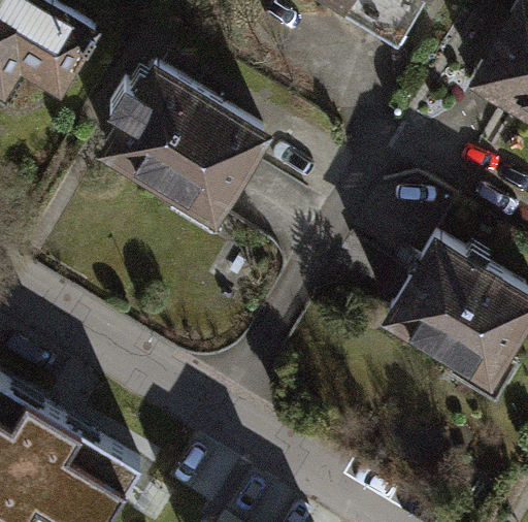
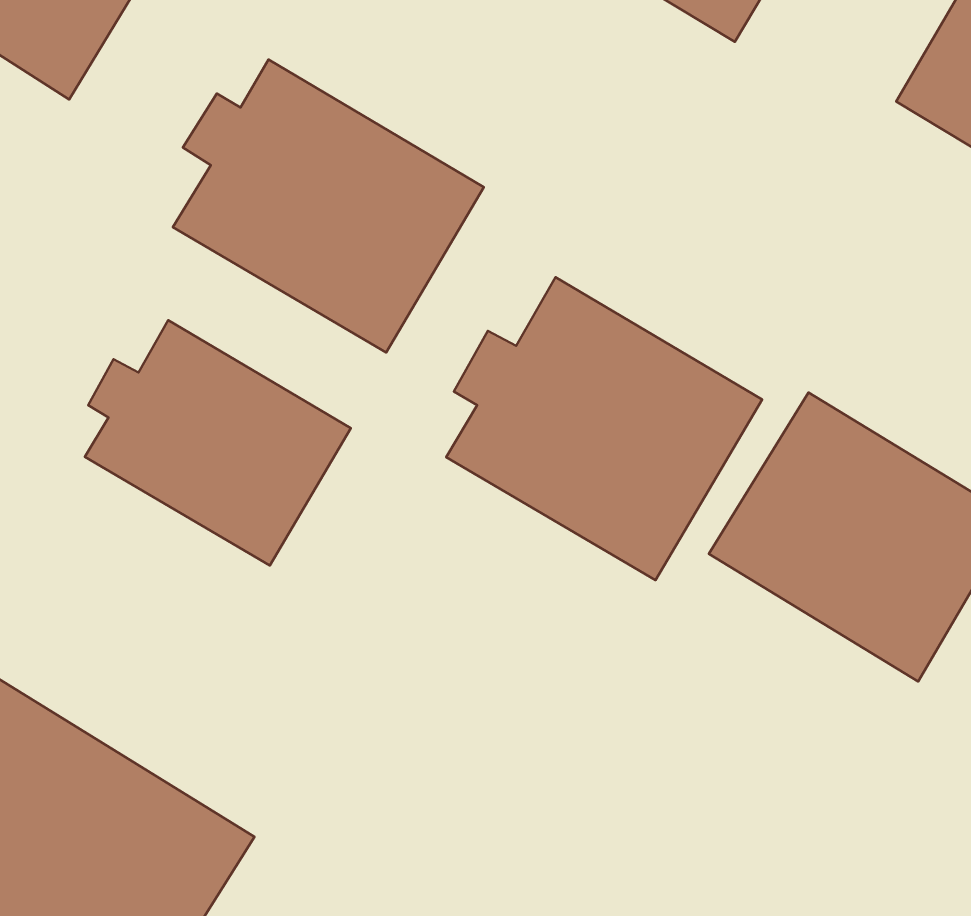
building: none -> [446,277,762,580]
building: none -> [85,320,351,566]

